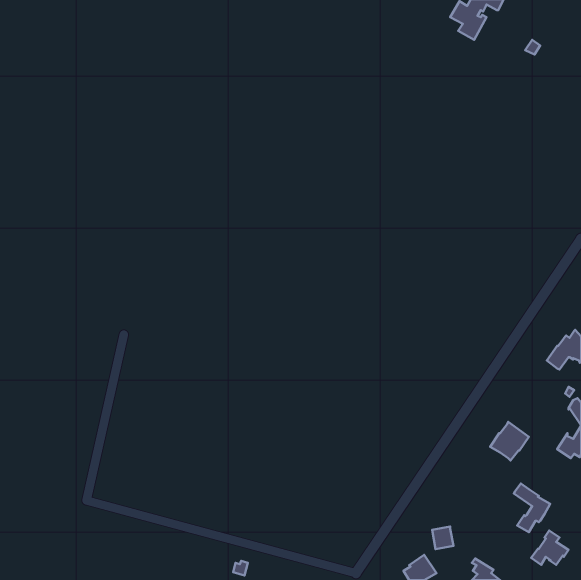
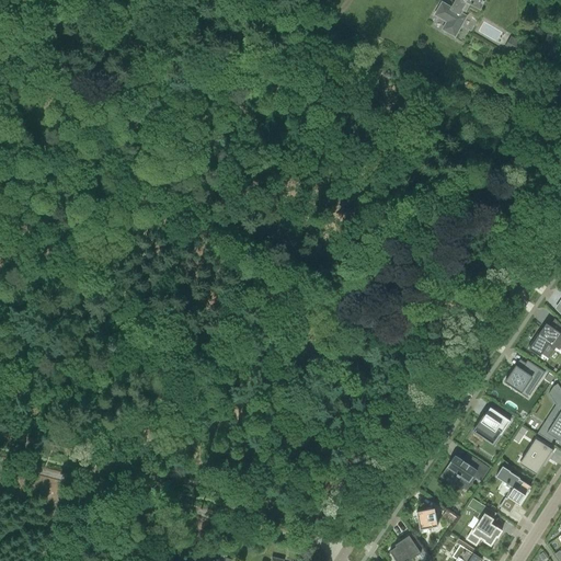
building: none -> [504,359,545,393]
building: none -> [522,438,552,474]
building: none -> [439,455,489,484]
building: [531,531,569,565] -> [466,512,502,545]

